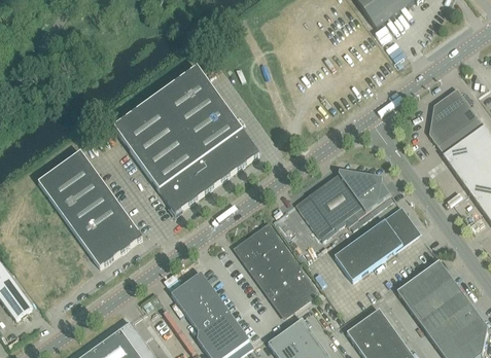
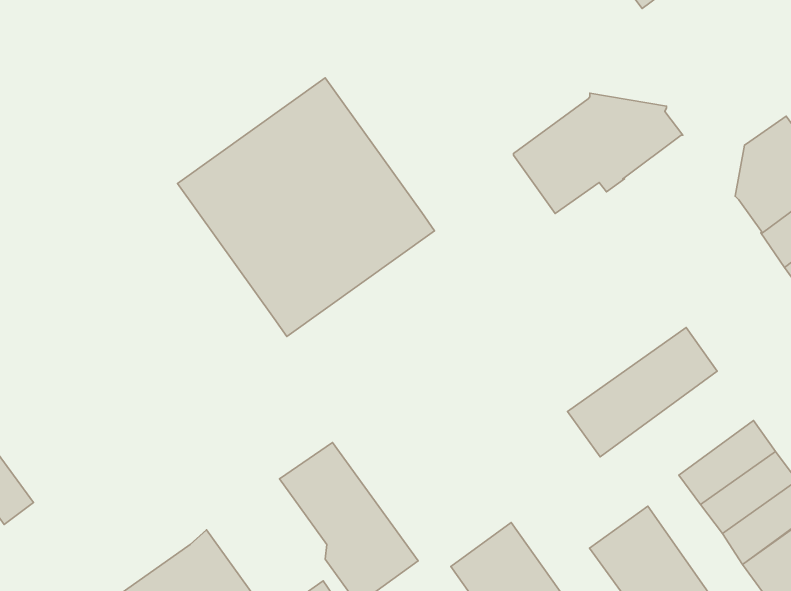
building: [38,150,142,266] -> none
building: [295,169,391,237] -> [513,93,683,214]
building: [235,222,317,315] -> none

